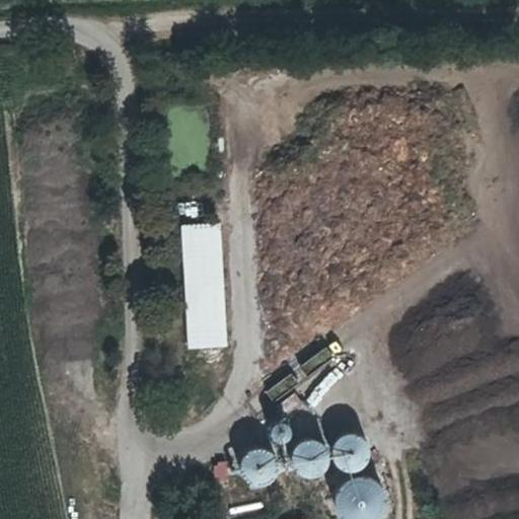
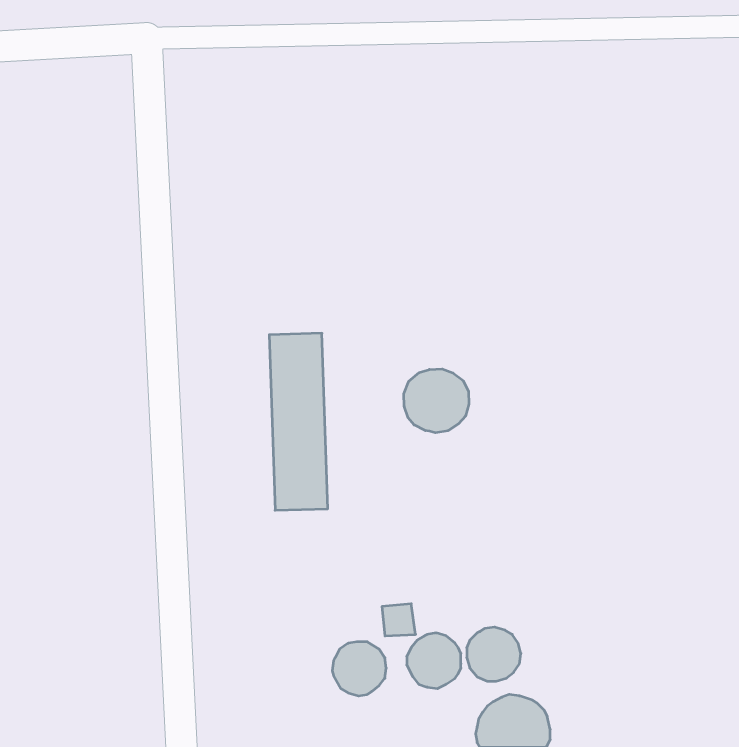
building: none -> [404,369,469,433]

